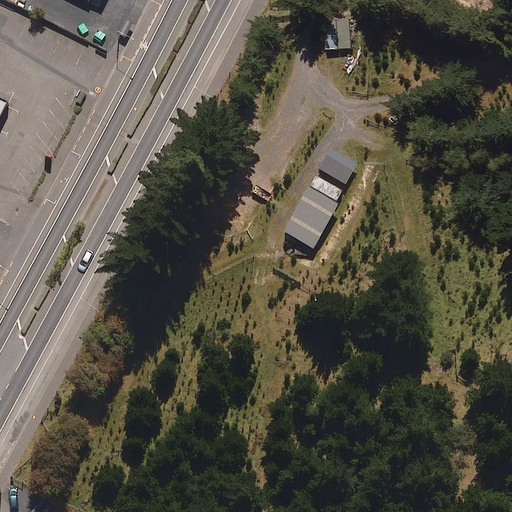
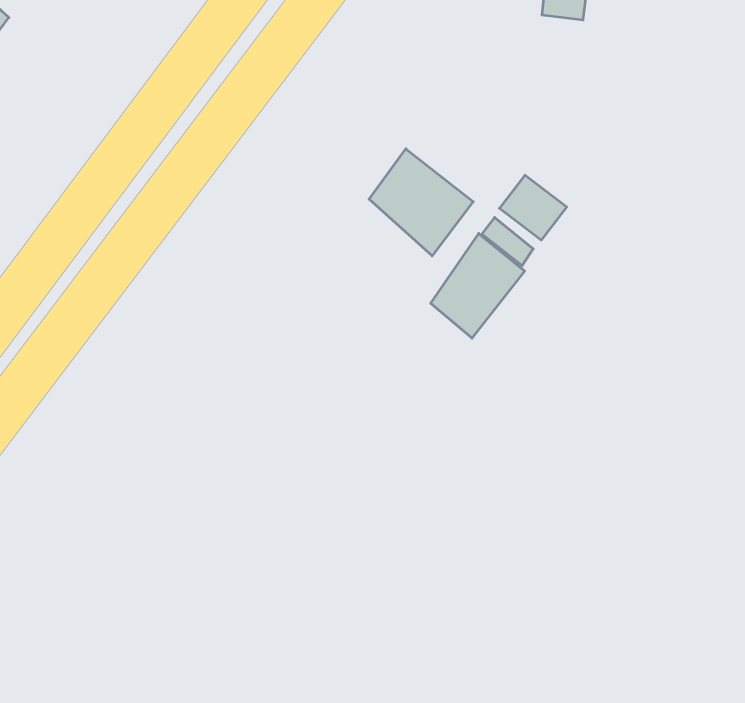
building: none -> [369,149,473,256]

